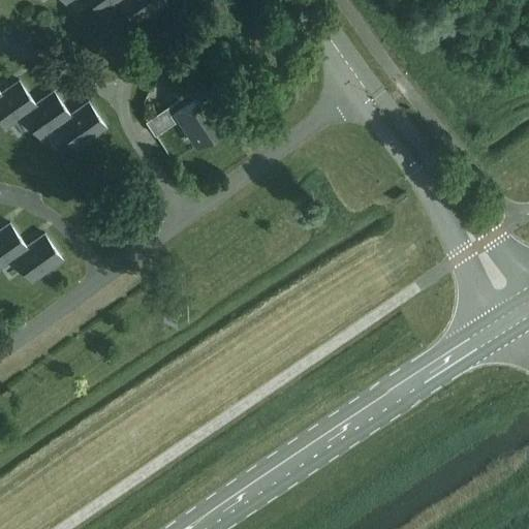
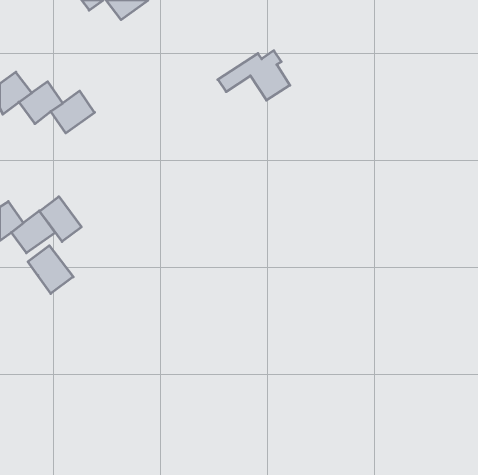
building: [144,92,223,147] -> [218,51,290,100]
building: none -> [40,197,81,242]
building: none -> [28,246,73,294]

